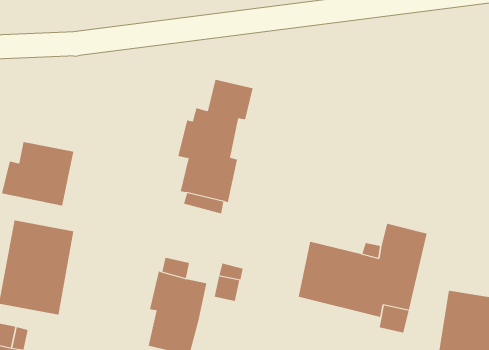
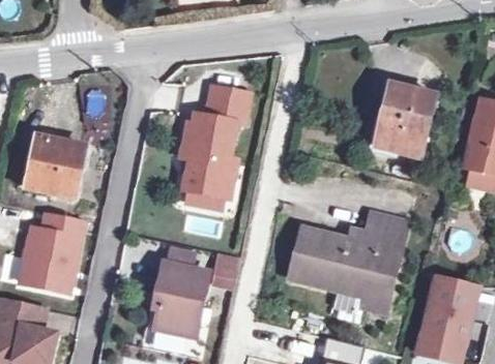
building: none -> [376,83,437,155]

